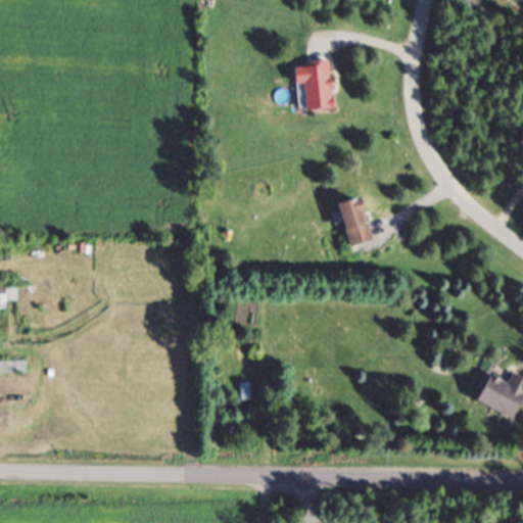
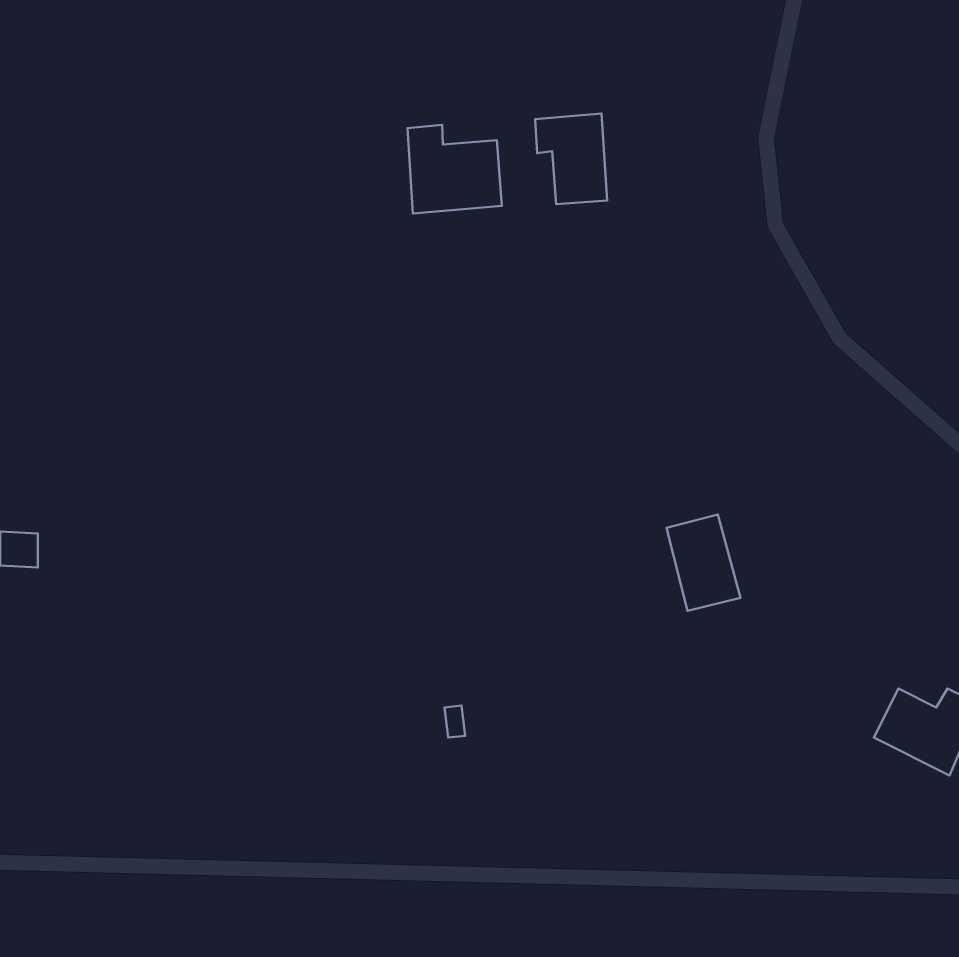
building: none -> [407,125,502,213]
building: [335,195,375,247] -> [667,514,740,611]

